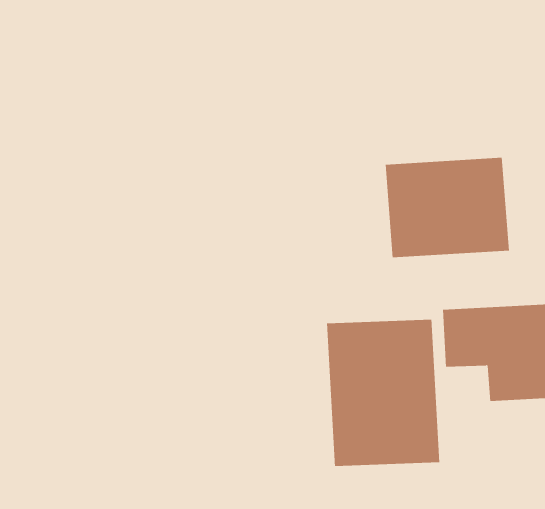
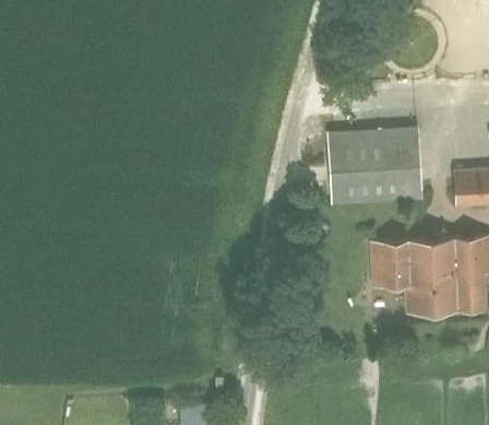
building: [327,319,440,467] -> none

